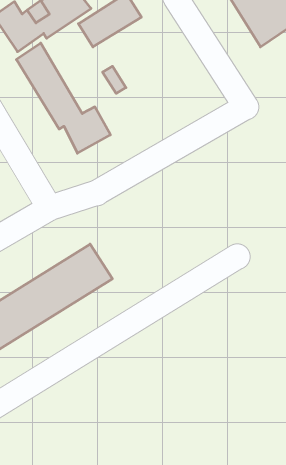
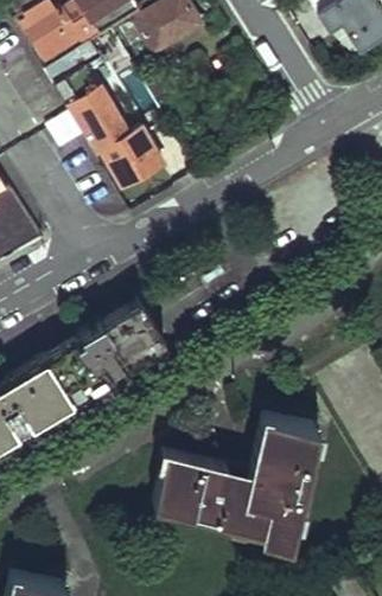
building: none -> [157,421,314,551]

